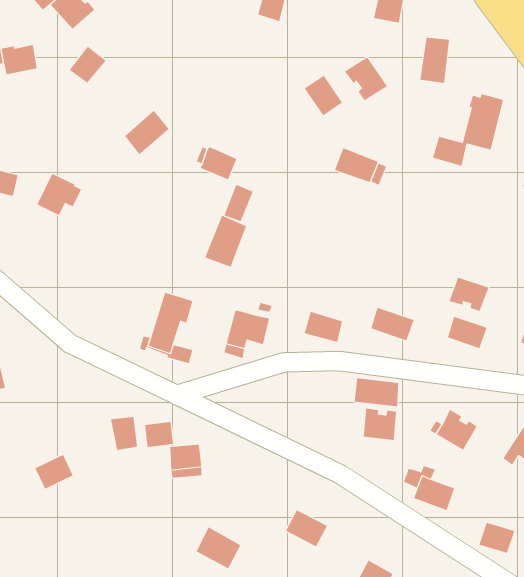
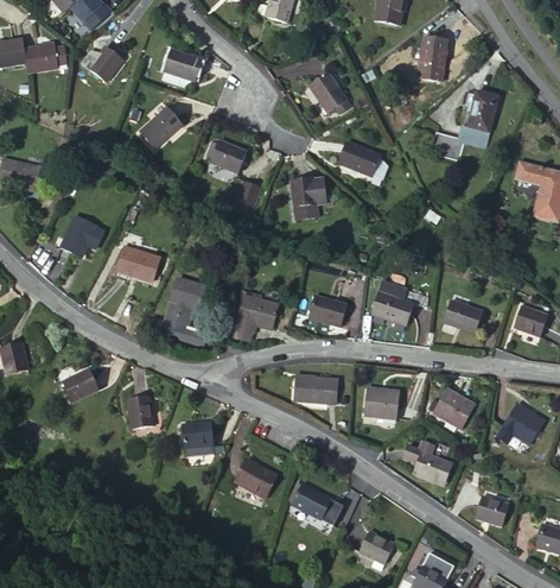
building: none -> [164,48,203,81]
building: [344,57,388,101] -> none
building: [37,173,82,216] -> [61,215,103,255]
building: none -> [292,178,336,219]
building: [205,215,247,268] -> none
building: none -> [119,246,159,280]
building: [449,277,489,312] -> none
building: [354,378,399,407] -> [294,375,337,403]
building: [144,421,174,448] -> none
building: [35,454,74,489] -> [63,368,100,402]
building: [196,526,241,569] -> [235,457,278,498]

